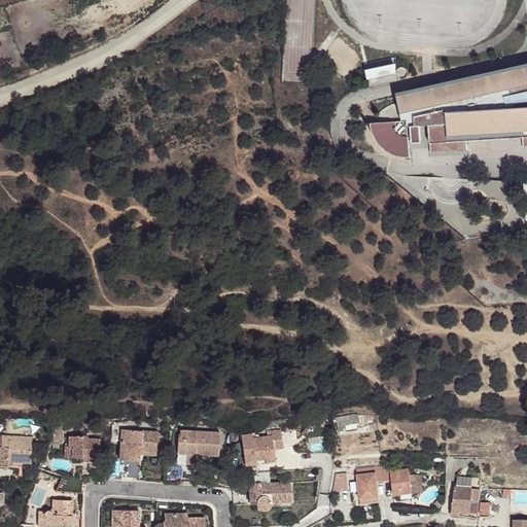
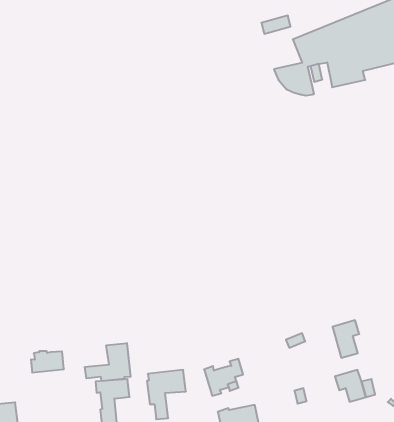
building: none -> [85,343,131,381]
building: [64,435,100,459] -> [31,351,64,372]
building: [356,466,384,504] -> [332,320,359,358]

